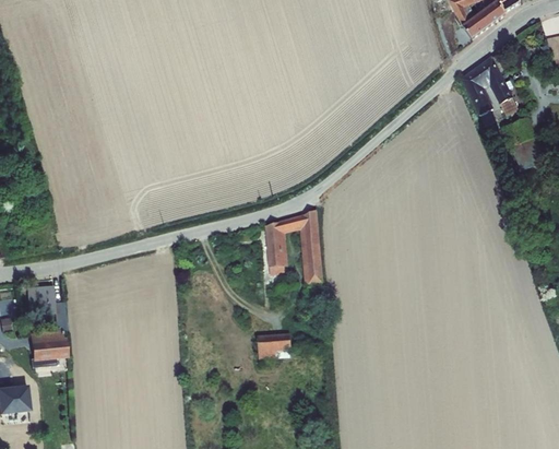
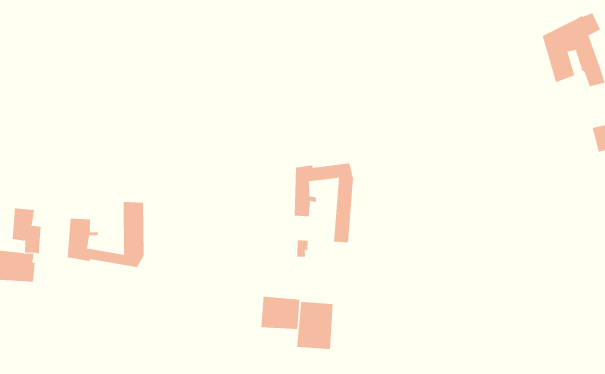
building: none -> [67,201,144,268]
building: none -> [297,301,333,350]

